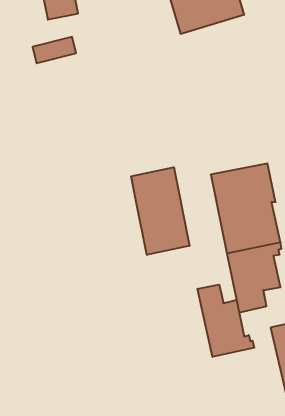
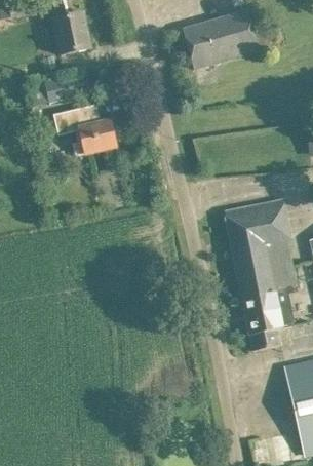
building: none -> [51,104,115,154]
building: [131,167,190,255] -> none
building: [198,285,254,357] -> none

